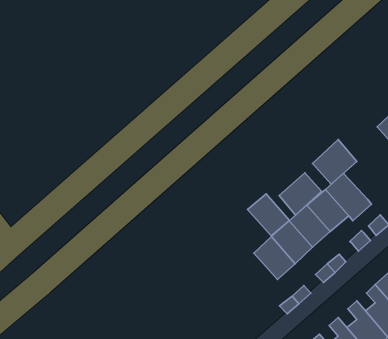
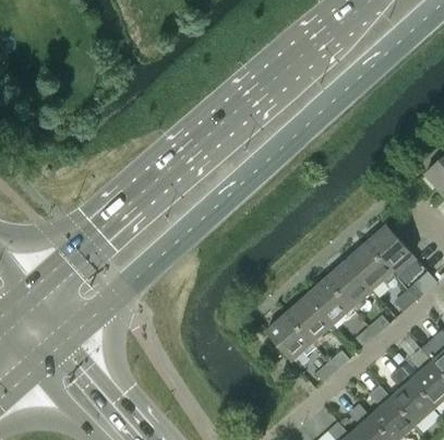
building: [313,140,357,184] -> none
building: [279,173,321,215] -> none
building: [248,194,290,236] -> [266,313,313,360]

